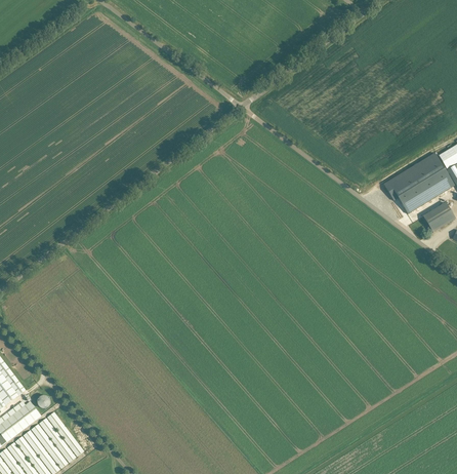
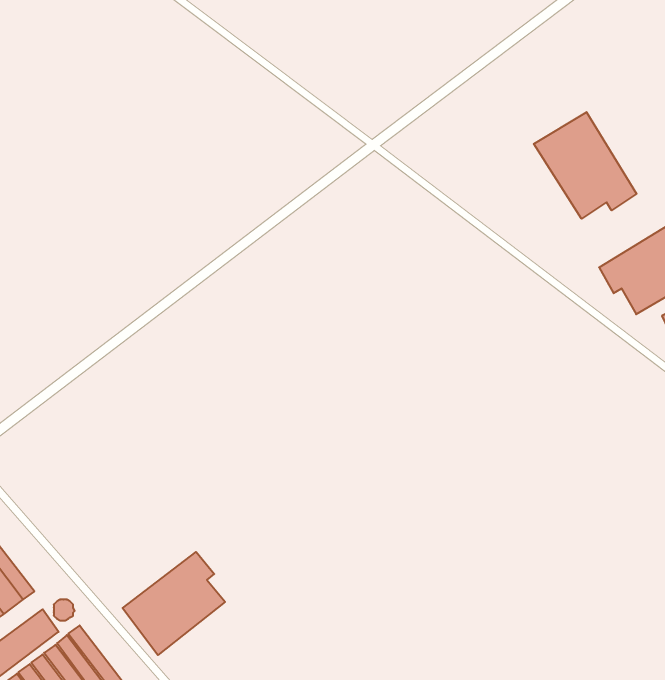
building: none -> [534,112,637,219]
building: none -> [123,552,225,655]

